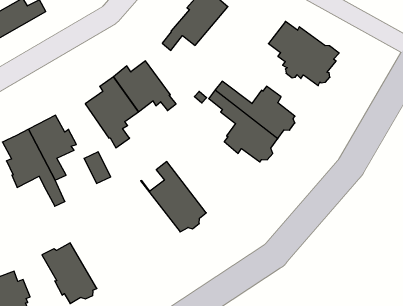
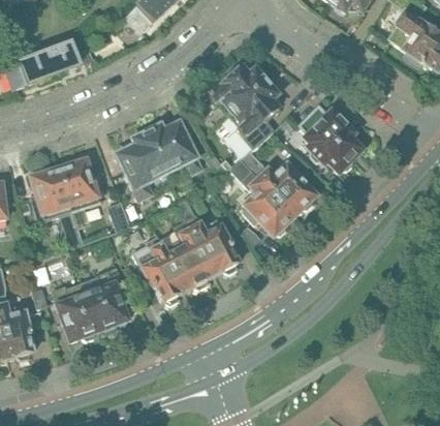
building: none -> [228,81,281,148]
building: none -> [175,197,238,274]
building: none -> [132,234,186,303]
building: none -> [80,264,132,331]

